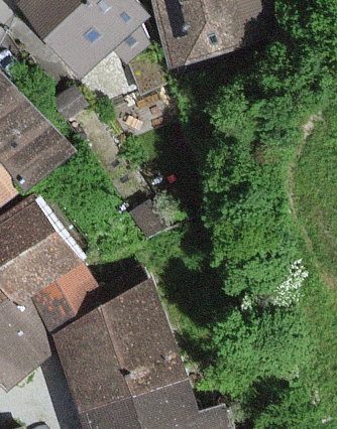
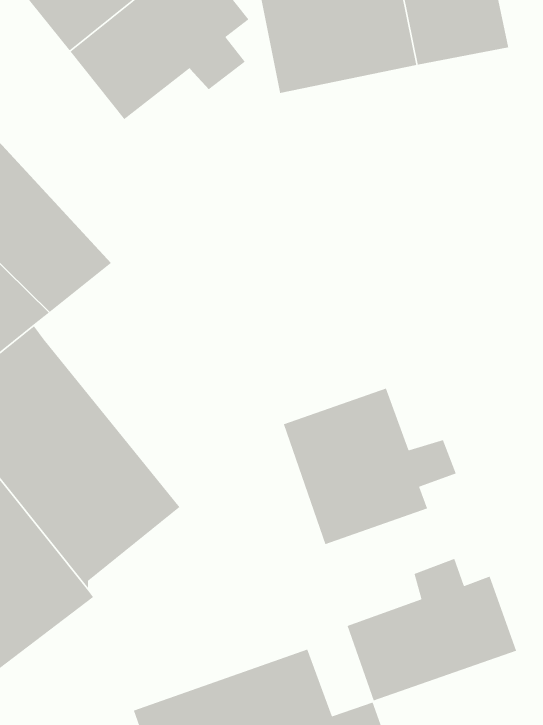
building: none -> [283,387,457,545]
building: [54,281,180,409] -> none
building: none -> [346,558,517,701]

